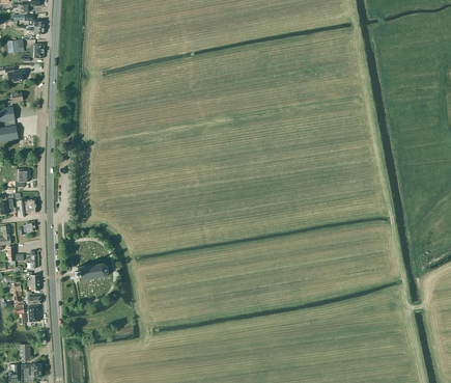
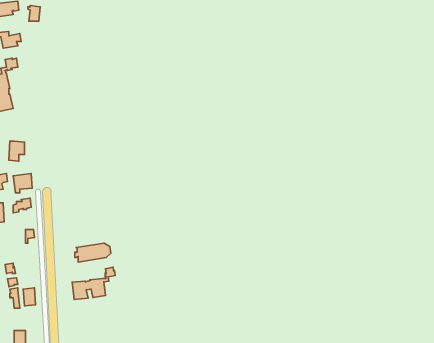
building: none -> [72,267,115,300]

